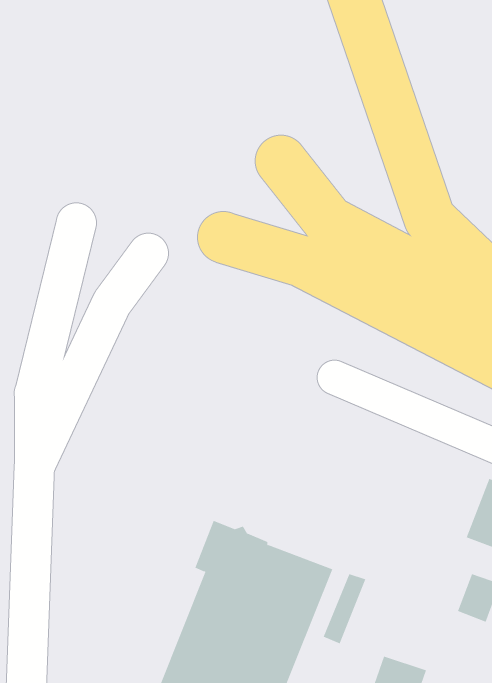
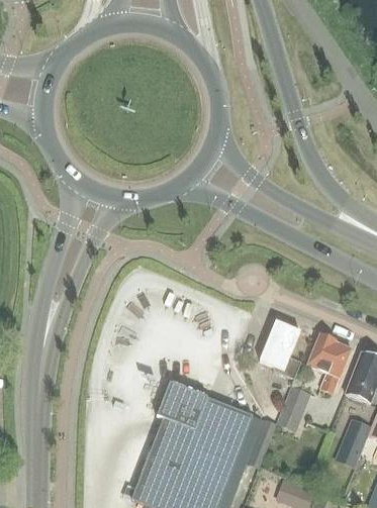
building: none -> [259,321,300,375]
building: none -> [307,333,352,393]
building: none -> [282,386,310,416]

